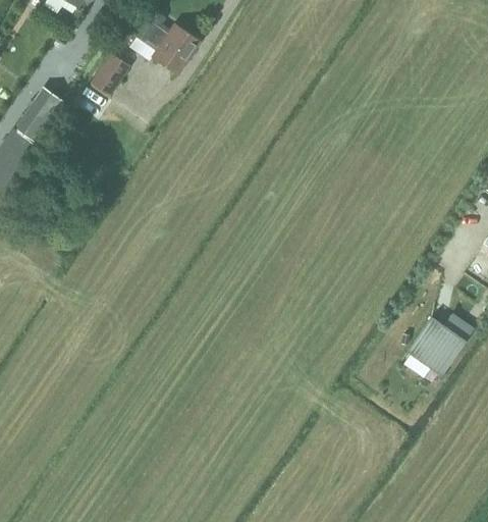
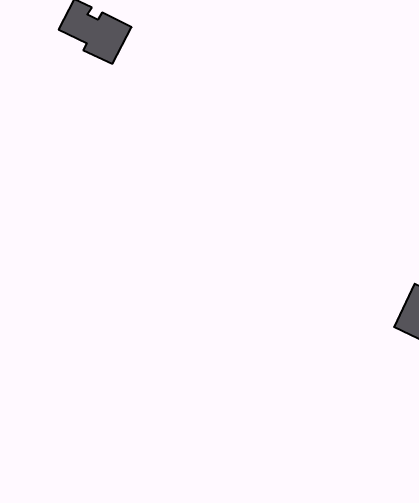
building: [90,52,131,96] -> none

